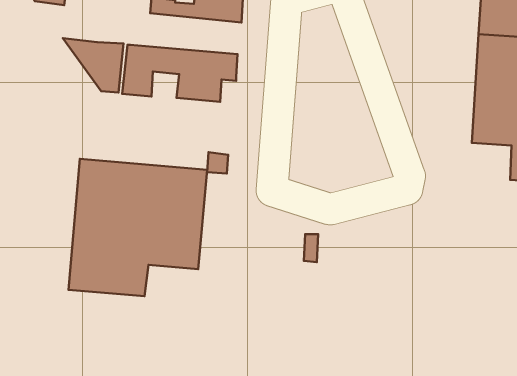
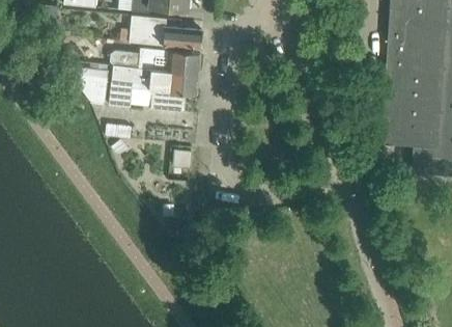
building: none -> [111,49,200,73]
building: [69,159,207,296] -> none

